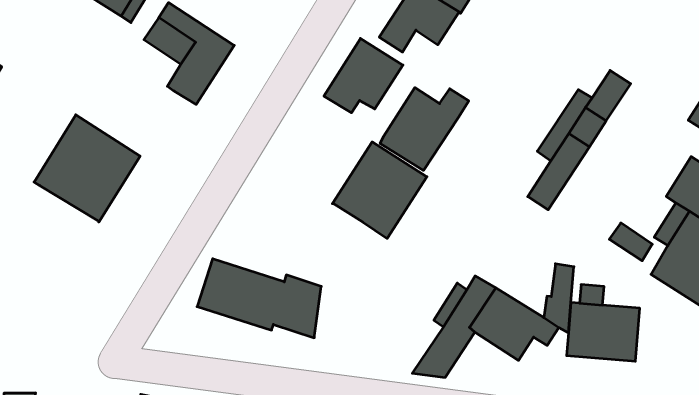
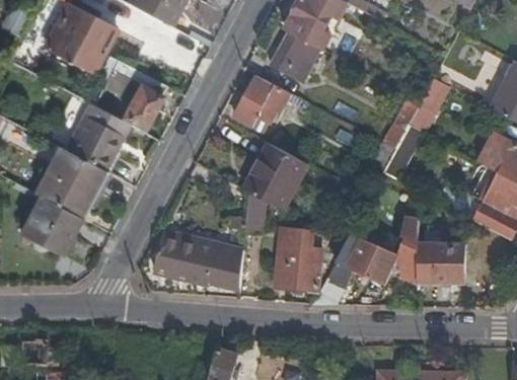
building: none -> [71,100,128,165]
building: [380,88,469,170] -> none
building: none -> [20,193,81,250]
building: none -> [244,188,268,231]
building: none -> [274,228,317,292]

